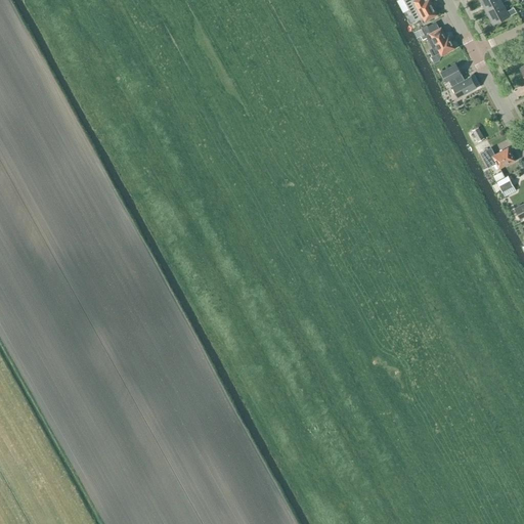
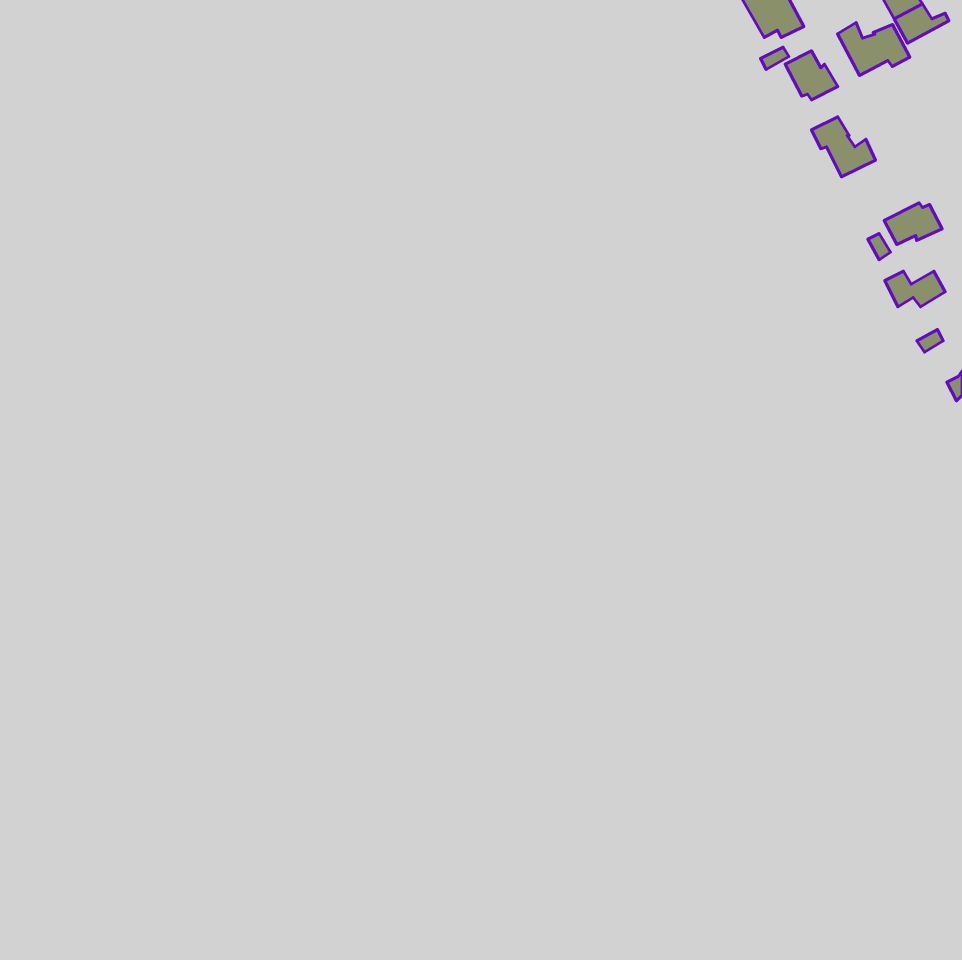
building: none -> [837,23,910,75]
building: none -> [884,203,942,245]

